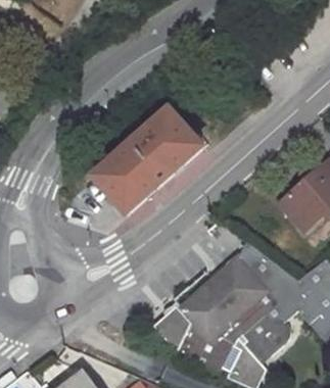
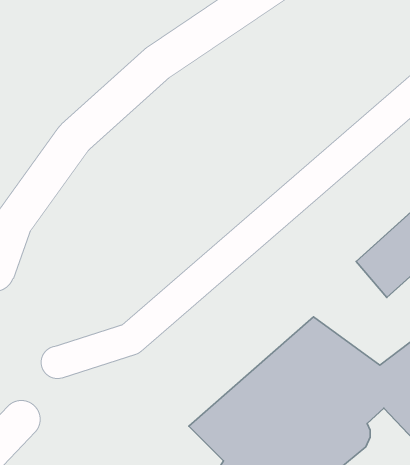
building: [93,106,203,212] -> none

